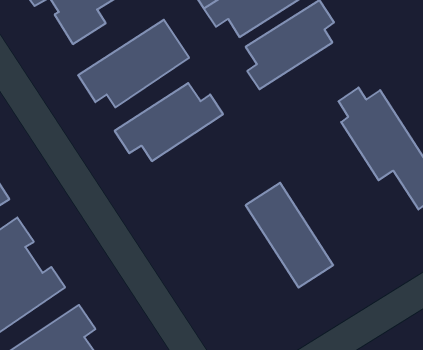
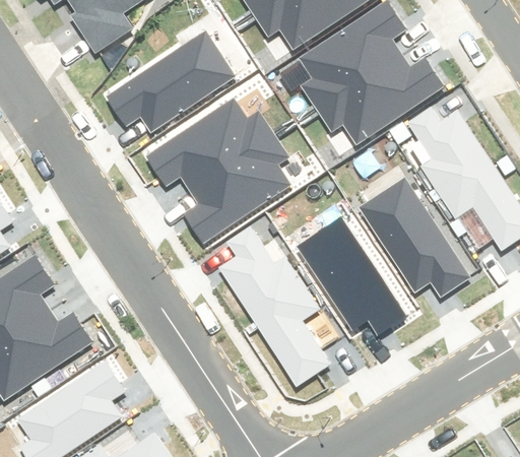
building: none -> [316,54,443,142]
building: none -> [187,138,299,241]
building: none -> [364,179,468,293]
building: none -> [219,227,332,387]

